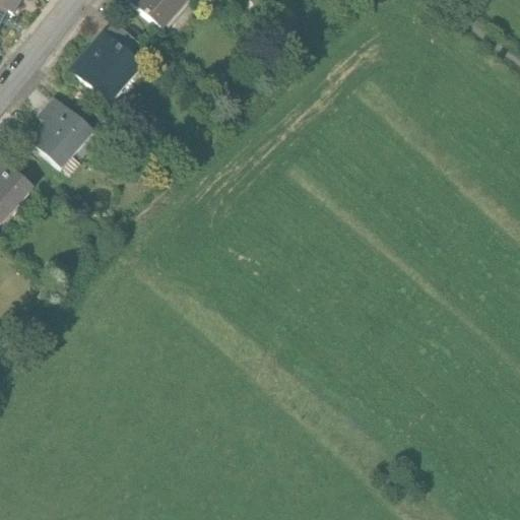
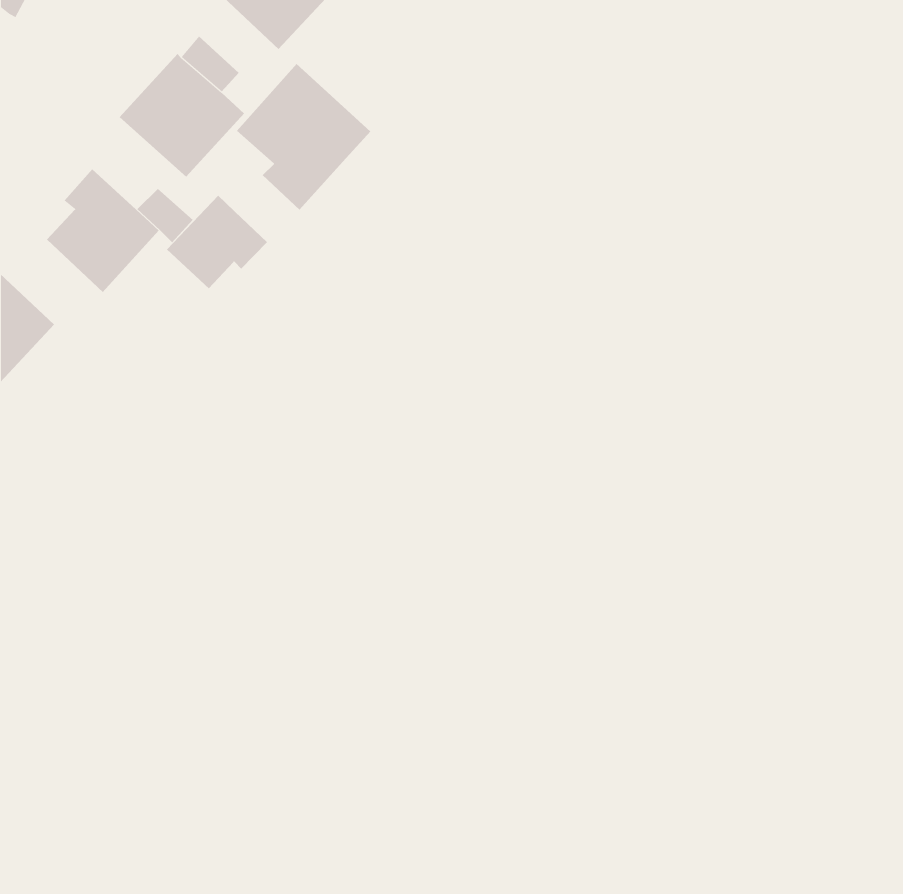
building: none -> [236,63,371,210]
building: none -> [166,195,268,289]

